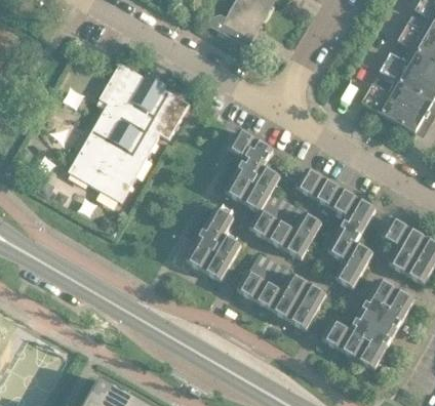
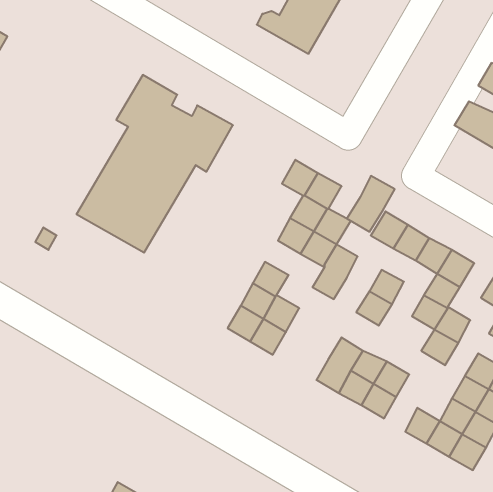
building: [267,203,304,246] -> [347,176,395,232]
building: [236,255,273,298] -> none

